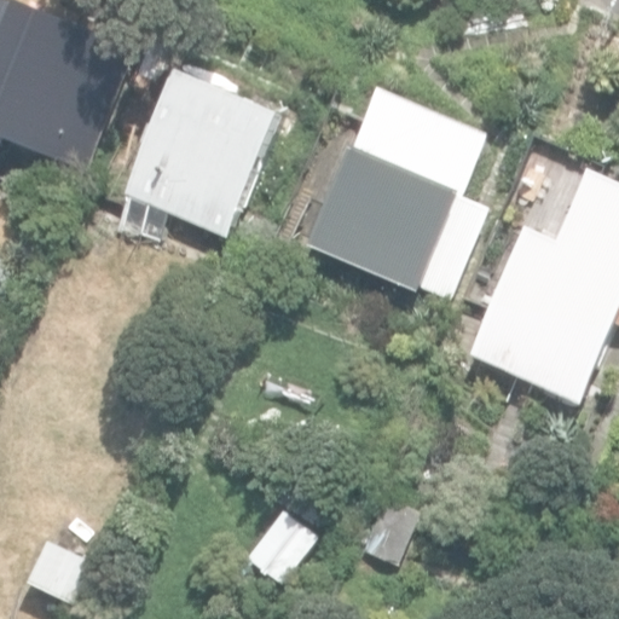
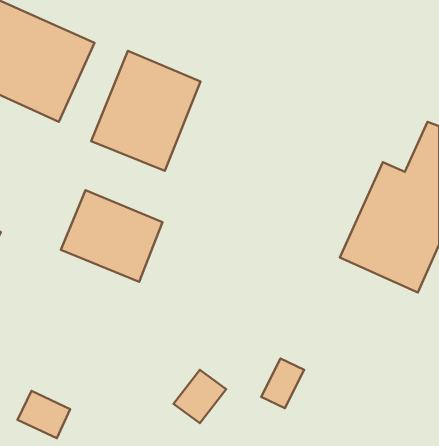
building: [312,88,487,301] -> none
building: none -> [61,190,163,282]

